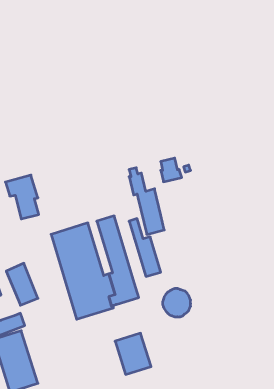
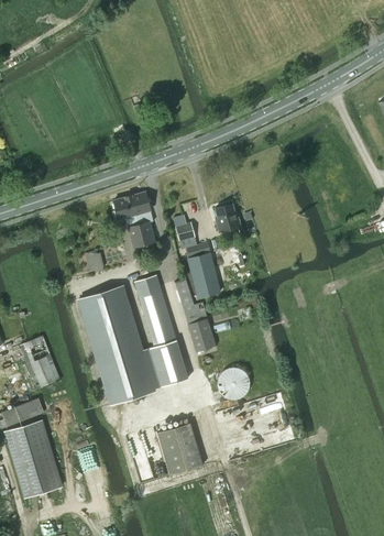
building: [5,175,39,219] -> [112,193,154,248]

